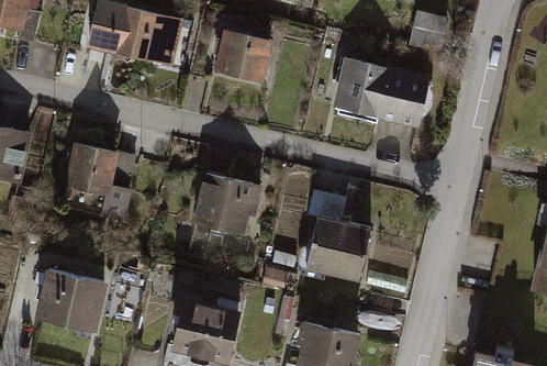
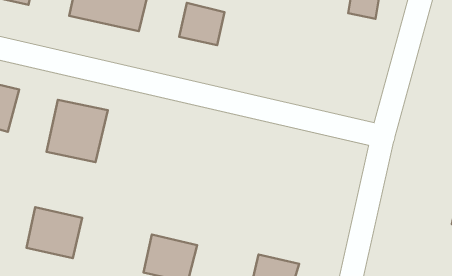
building: [337,58,428,125] -> none
building: [194,171,260,232] -> none
building: [305,191,368,280] -> none

